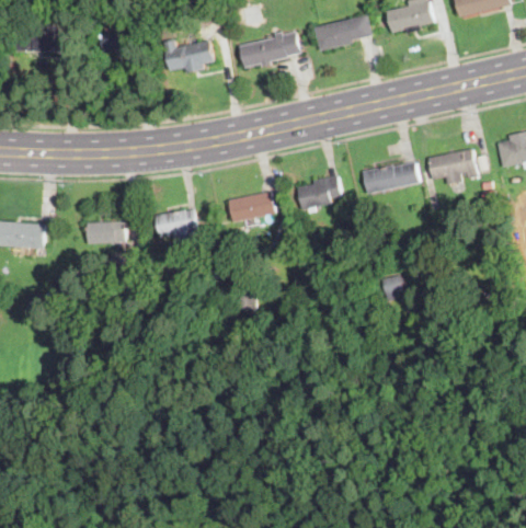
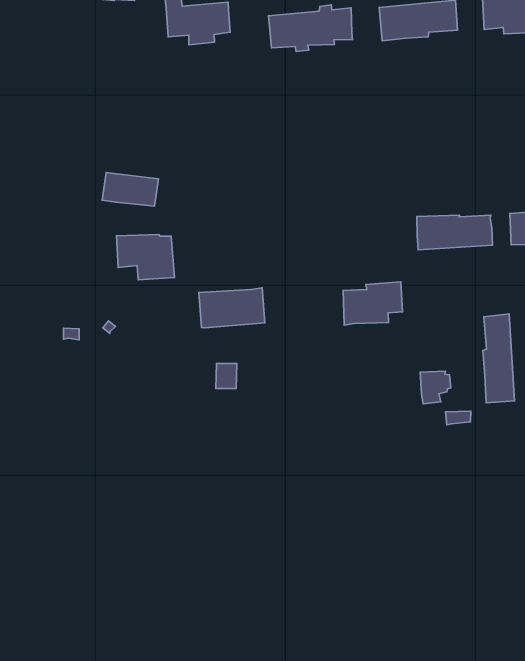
building: [296,174,340,210] -> [343,282,403,325]
building: [226,190,275,223] -> [199,288,265,328]
building: [87,221,124,242] -> [102,172,159,206]
building: none -> [483,314,515,403]

